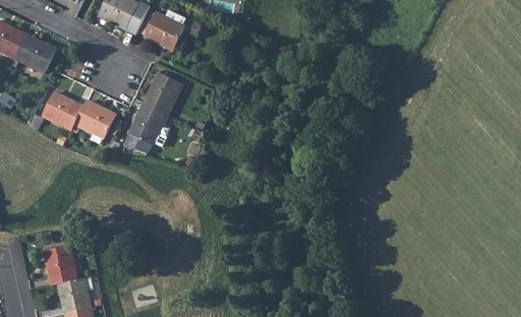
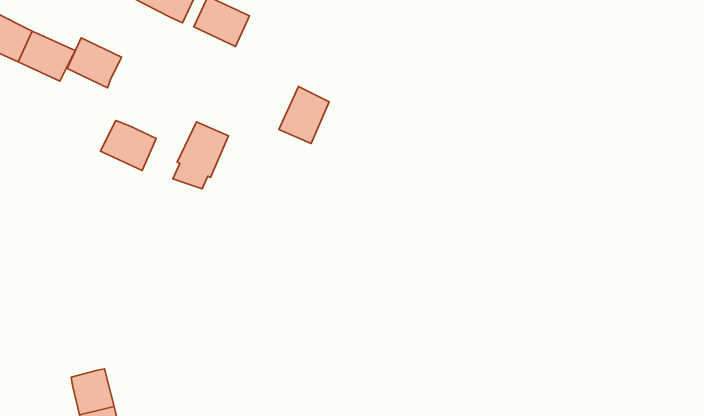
building: [146,70,182,112] -> [279,86,329,144]
building: [44,92,83,129] -> [67,38,122,88]
building: [39,248,73,289] -> none

